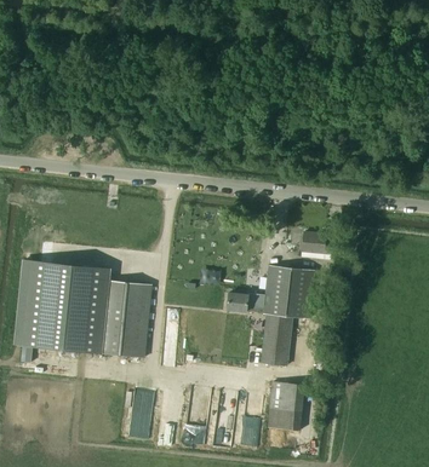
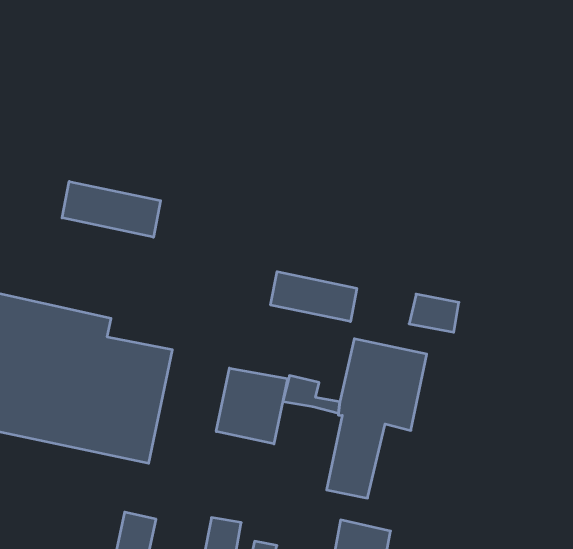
building: none -> [62,181,161,237]
building: none -> [271,272,357,322]
building: none -> [216,368,288,444]

